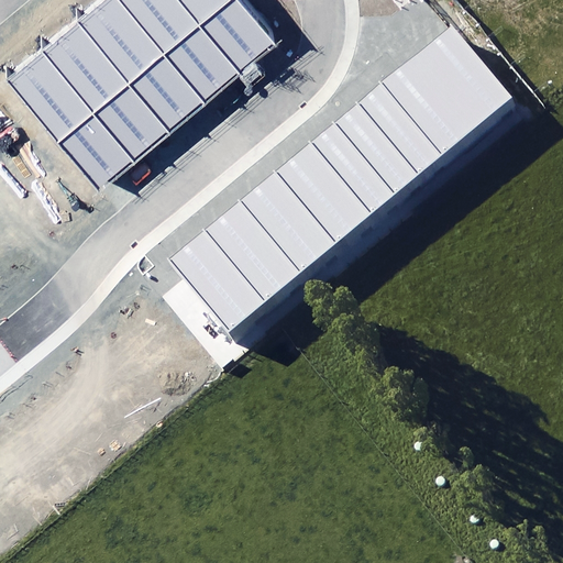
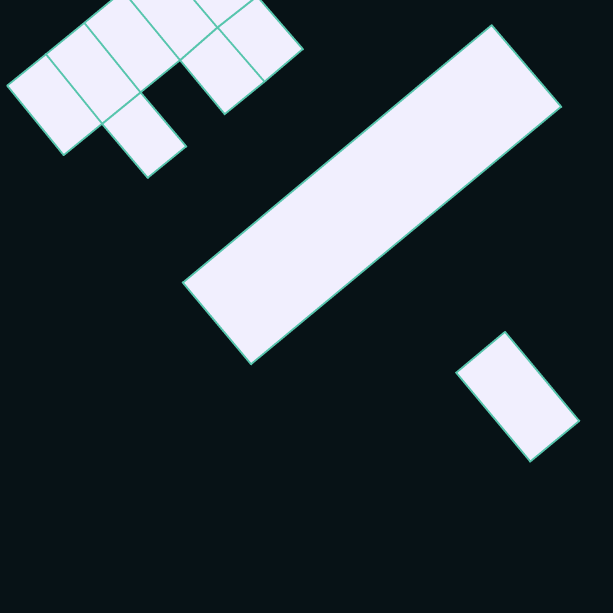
building: [130,55,207,134] -> none
building: [59,113,136,191] -> none
building: none -> [456,332,579,462]

